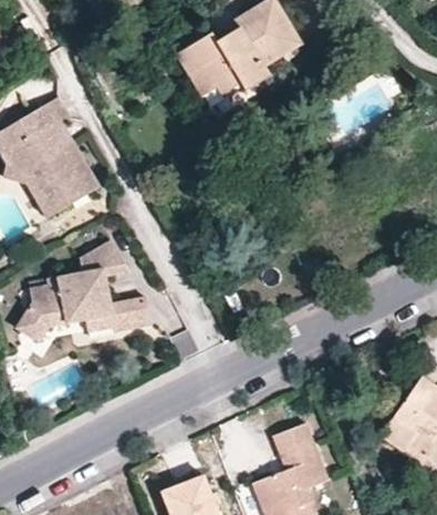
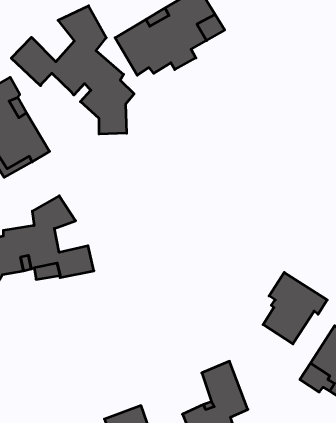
building: none -> [11,6,134,134]
building: none -> [263,272,327,344]

